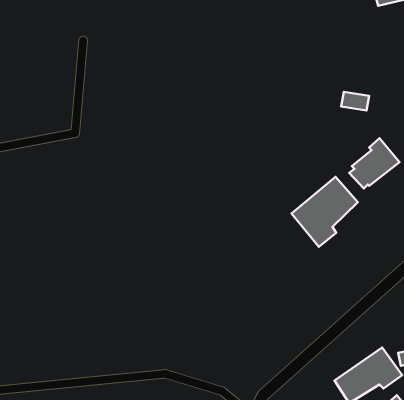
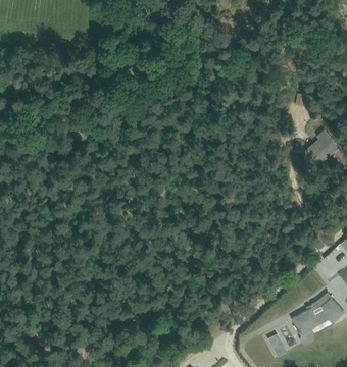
building: [292,177,358,247] -> none

